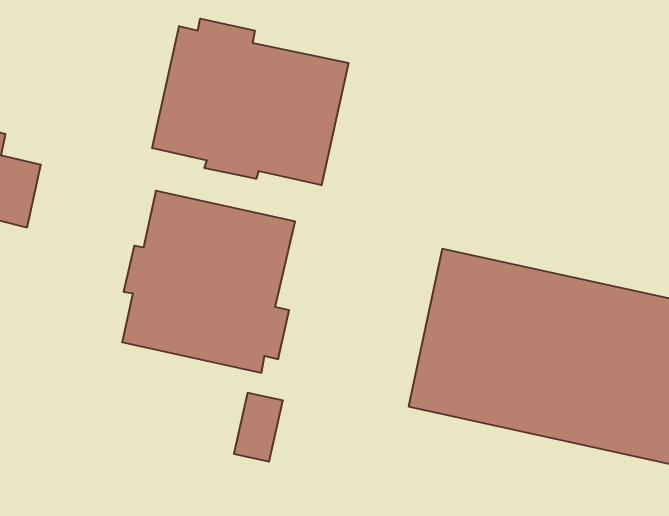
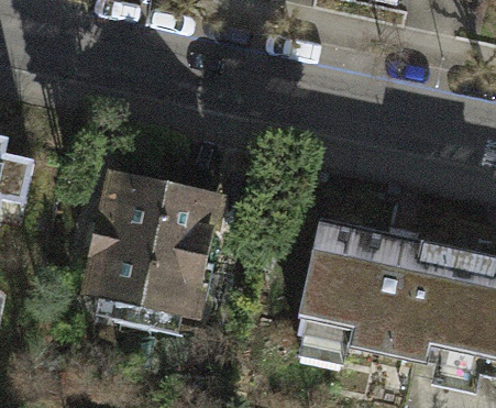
building: [152,19,348,185] -> none

